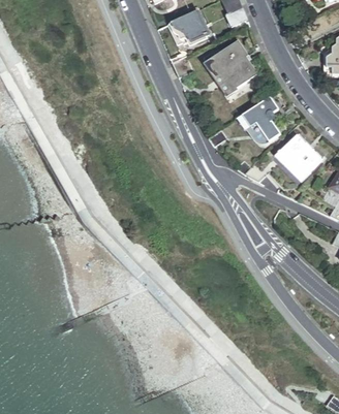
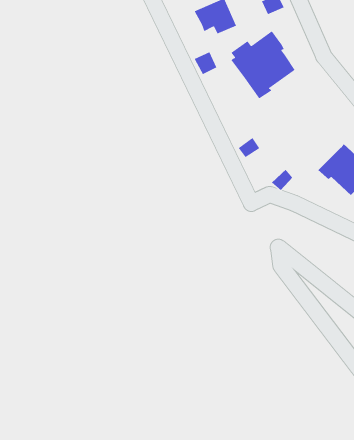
building: [242,96,282,141] -> none

